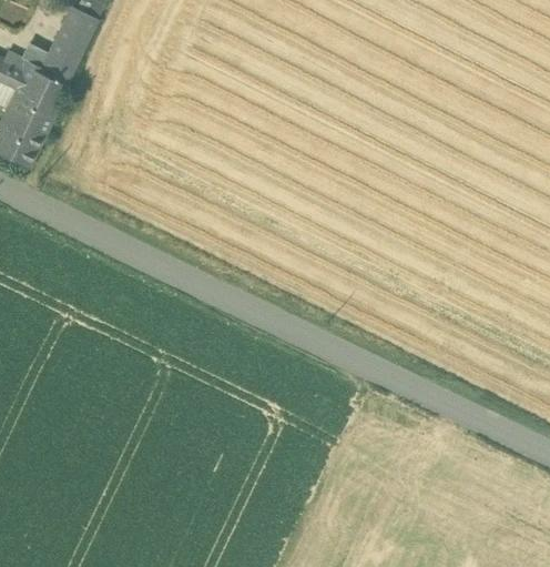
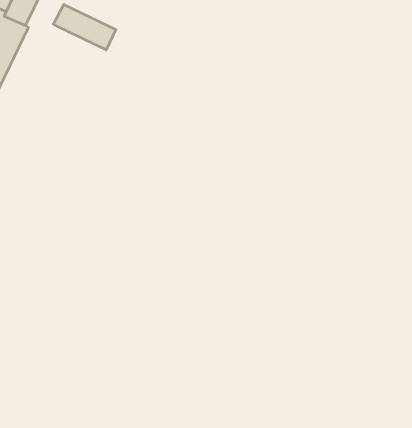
building: none -> [53,4,116,50]

